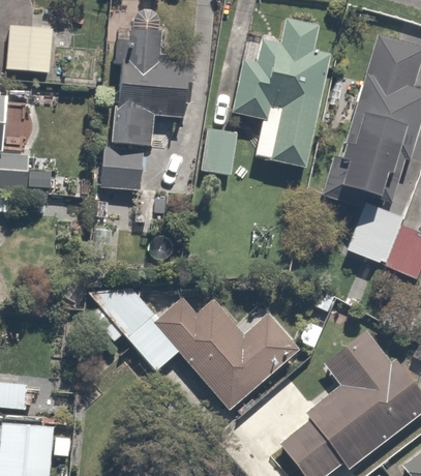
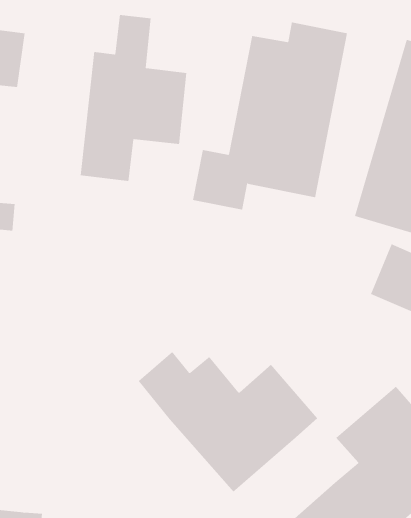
building: [101,149,147,191] -> none
building: [96,282,180,374] -> none

